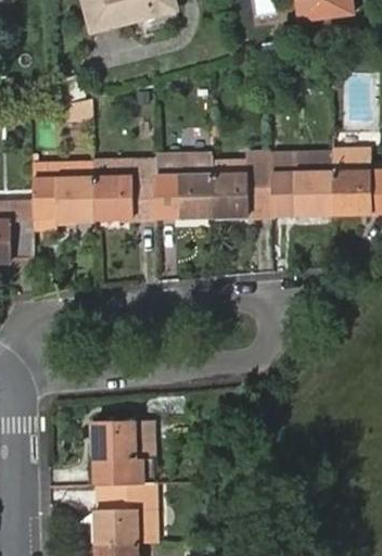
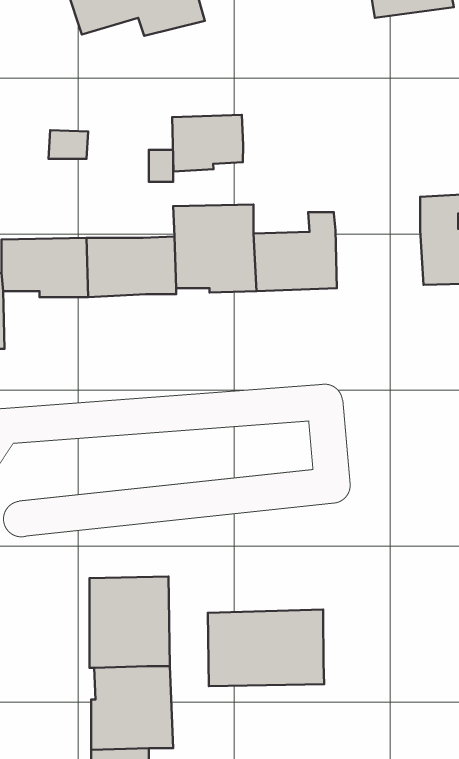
building: none -> [172,115,243,171]
building: [270,160,334,214] -> none
building: none -> [208,610,324,686]

